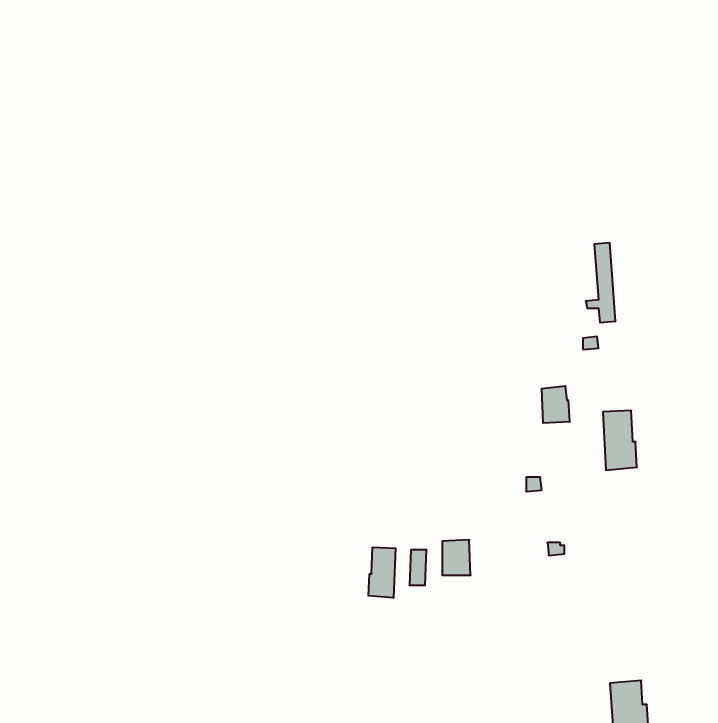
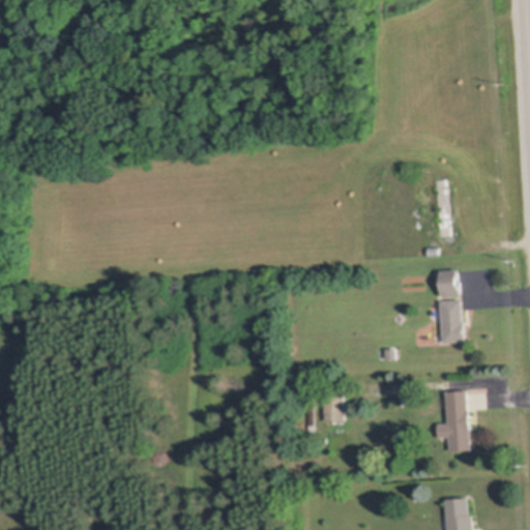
building: [541,386,570,423] -> [438,270,459,297]
building: none -> [436,390,469,450]
building: [368,547,395,598] -> none

